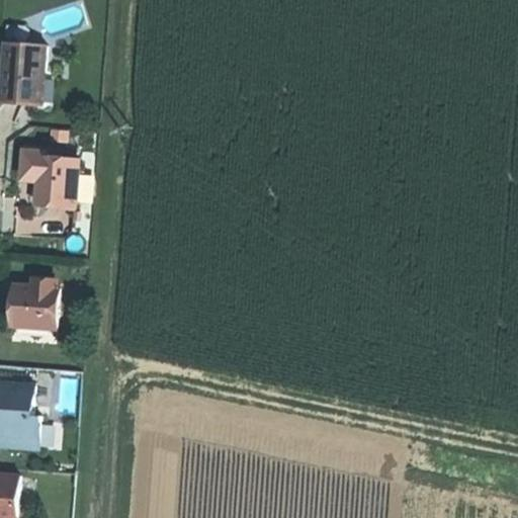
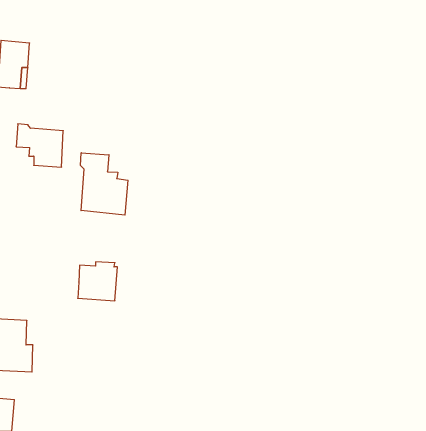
building: none -> [80,153,128,215]
building: [10,281,58,328] -> [78,262,117,301]

